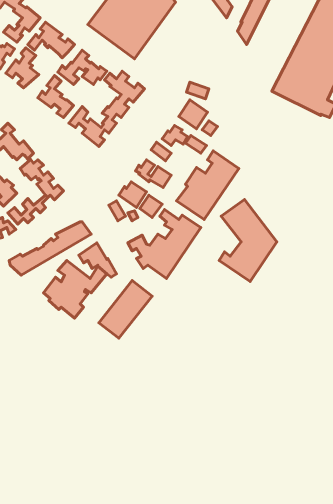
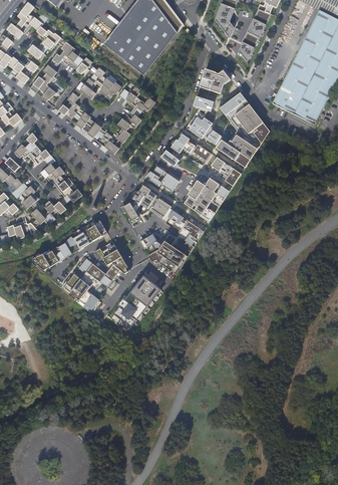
building: none -> [199,68,230,93]
building: [219,200,277,282] -> [217,92,269,167]

